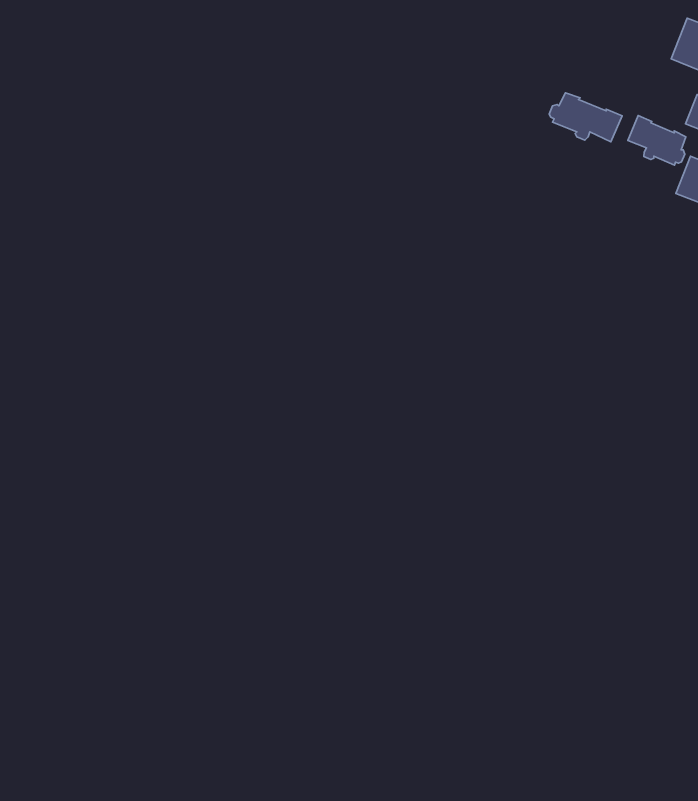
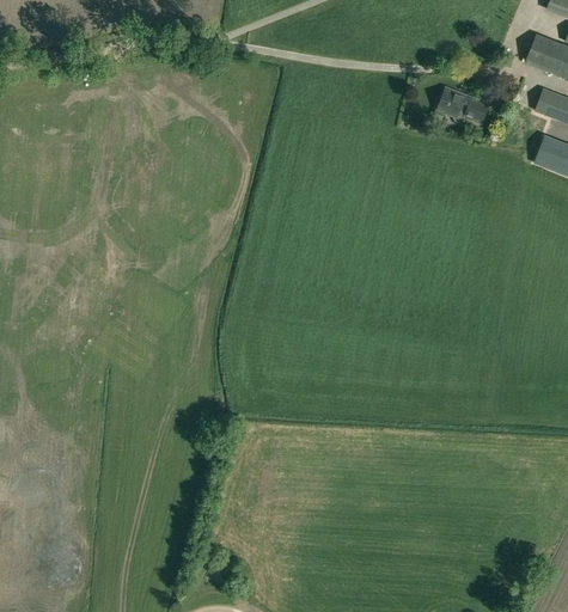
building: [628,115,686,165] -> none

